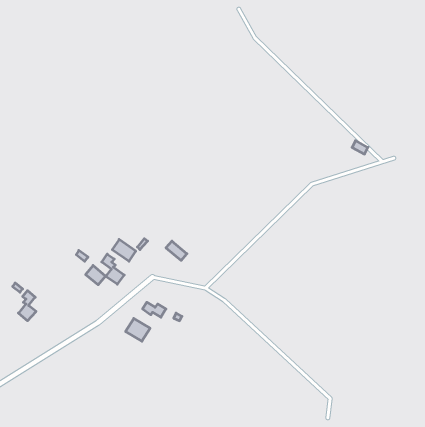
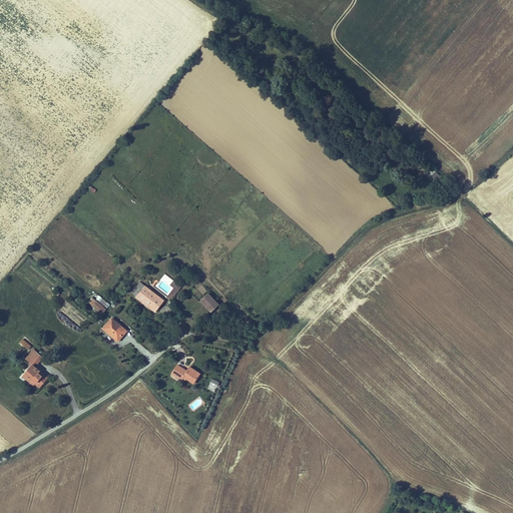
building: [102,254,124,284] -> none
building: [126,318,150,341] -> none

